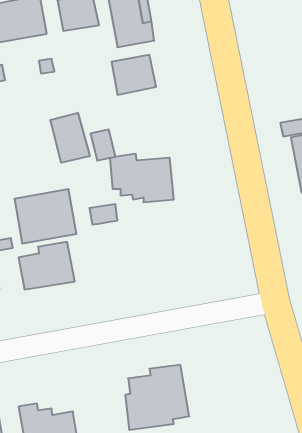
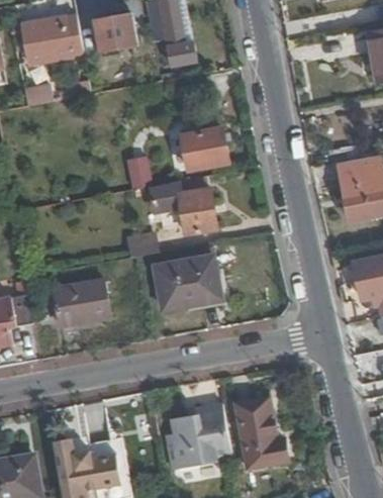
building: [112,55,156,95] -> [186,128,232,170]
building: [50,113,90,163] -> none
building: [14,189,76,243] -> [155,253,219,309]
building: none -> [233,389,290,466]

